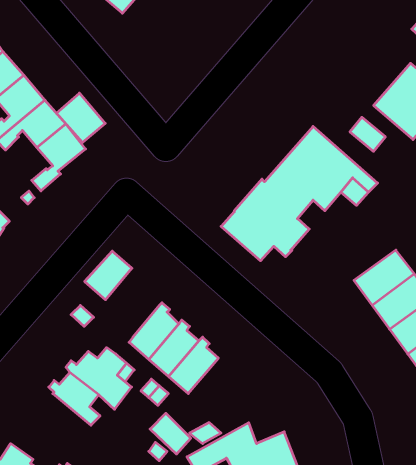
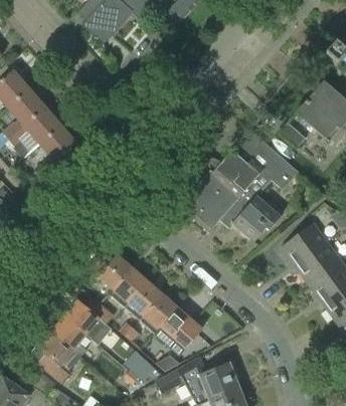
building: [56,93,105,142] -> none
building: none -> [233,185,281,241]
building: [85,251,132,300] -> [97,252,133,289]
building: none -> [155,306,199,355]
building: none -> [29,333,80,382]

